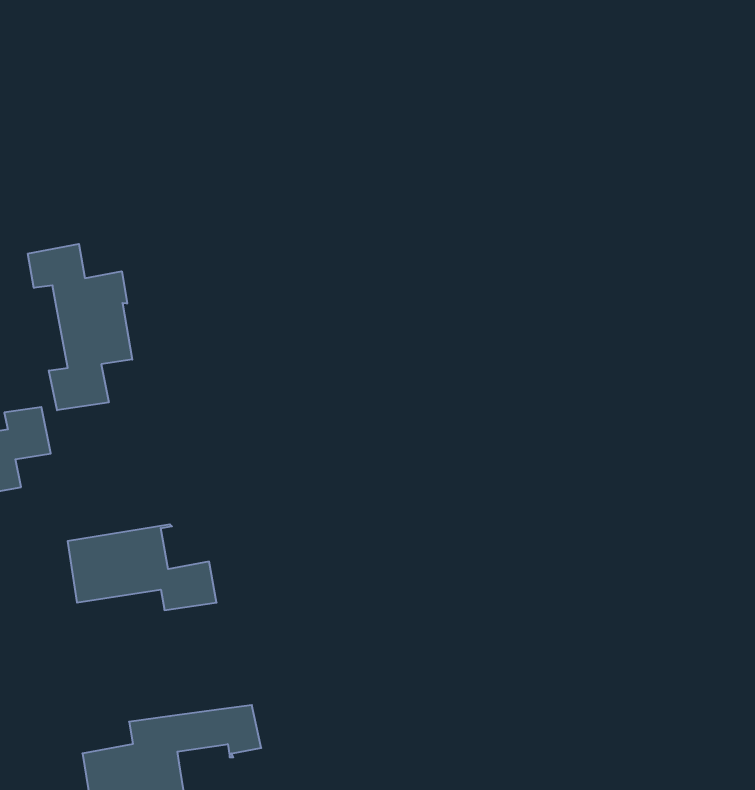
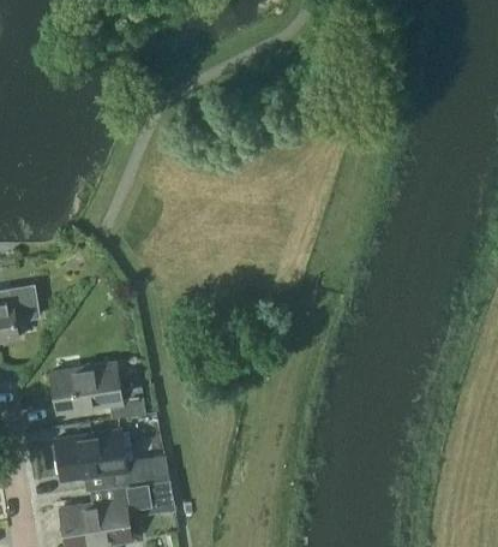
building: [28,244,132,410] -> none
building: none -> [54,430,168,487]

